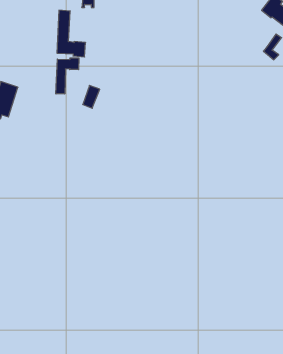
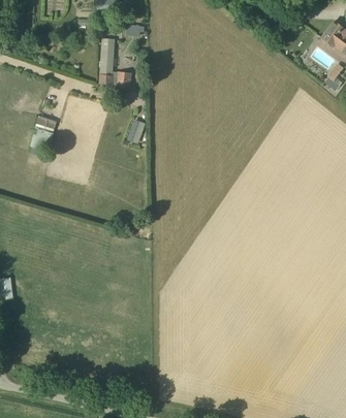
building: [56,58,79,94] -> none

